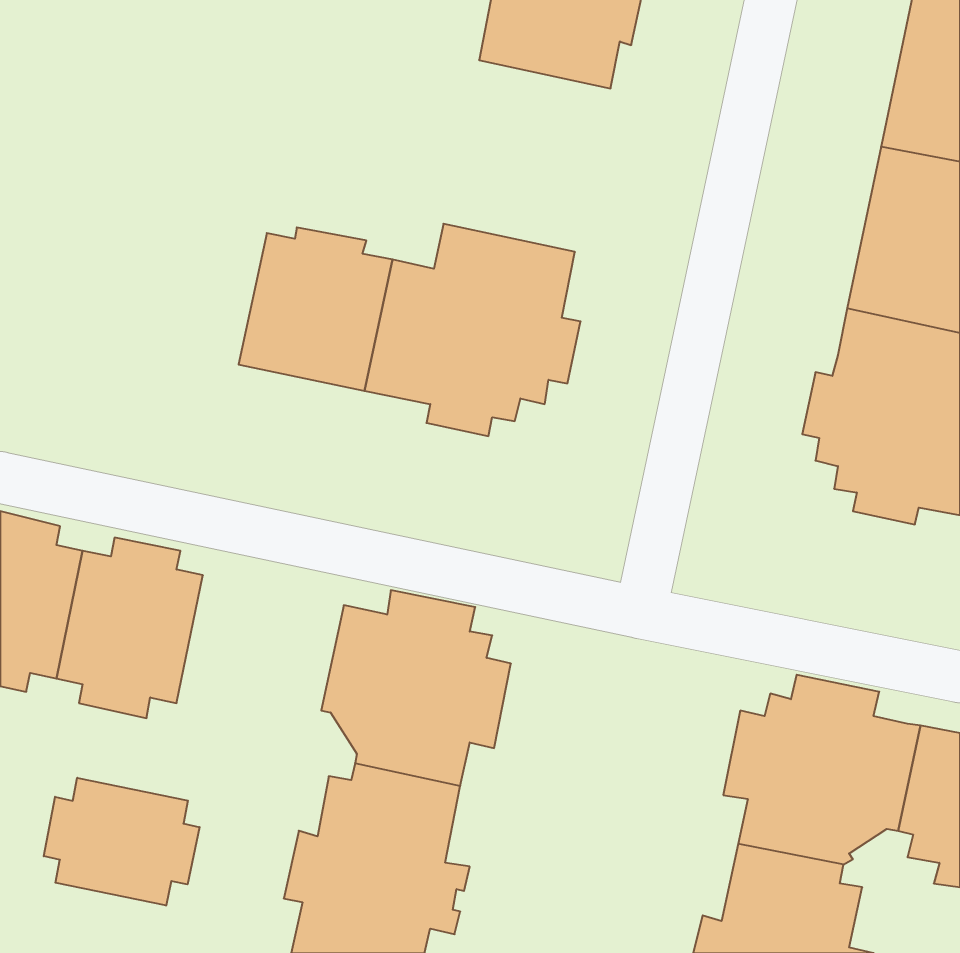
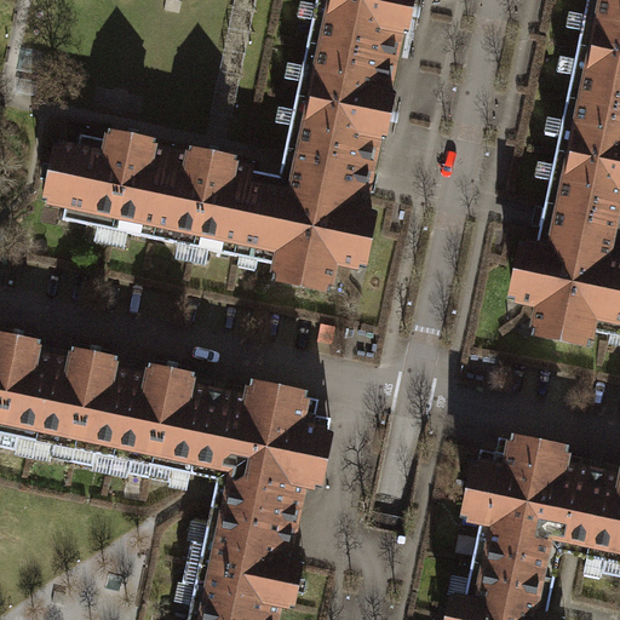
building: none -> [286,39,395,162]
building: none -> [46,128,172,235]
building: none -> [114,362,222,478]
building: [44,778,200,906] -> none

